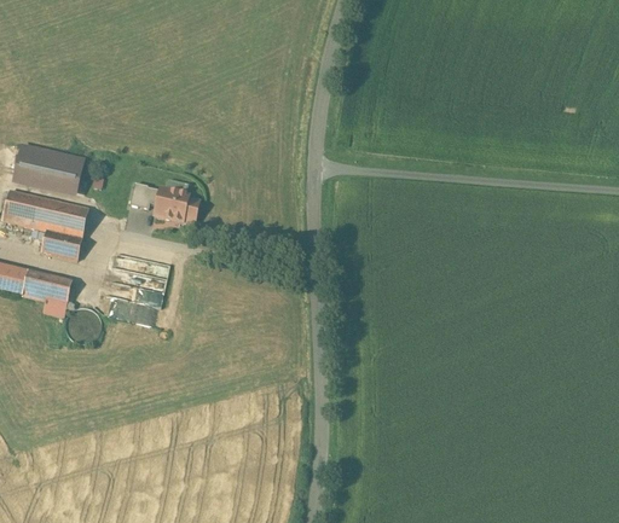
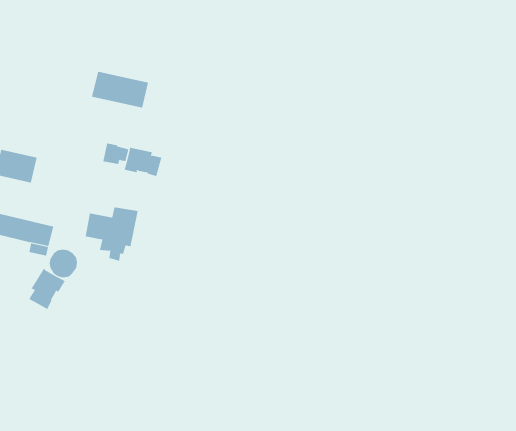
building: [15,146,82,190] -> [91,71,149,108]
building: [40,201,88,260] -> none
building: none -> [28,268,65,310]

